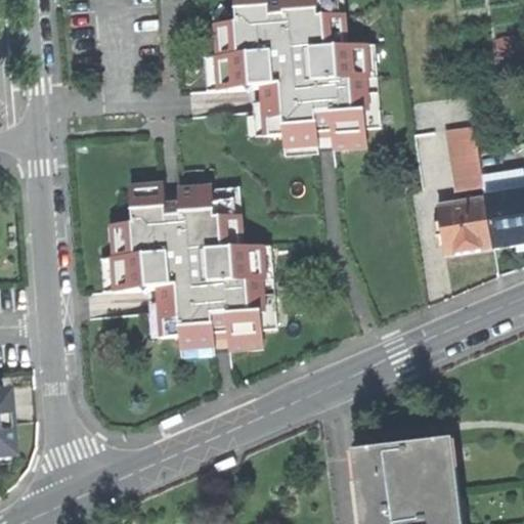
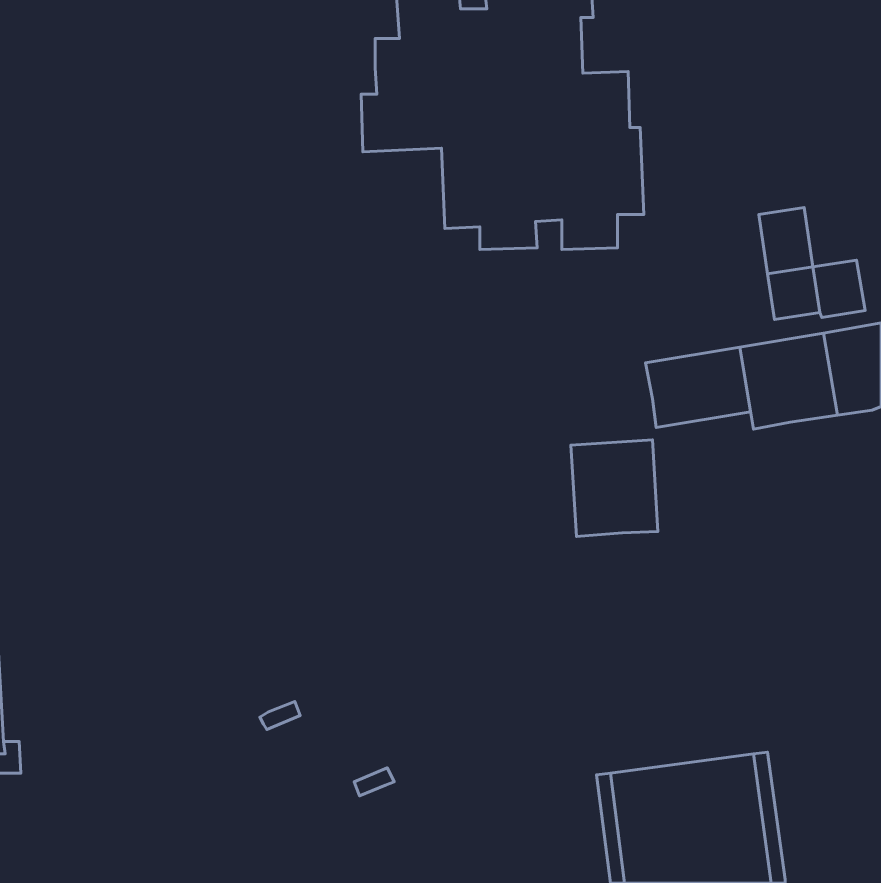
building: [106,185,272,351] -> none
building: none -> [645,347,750,427]
building: none -> [571,440,658,537]

